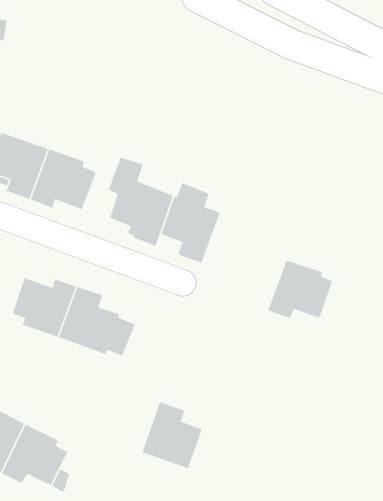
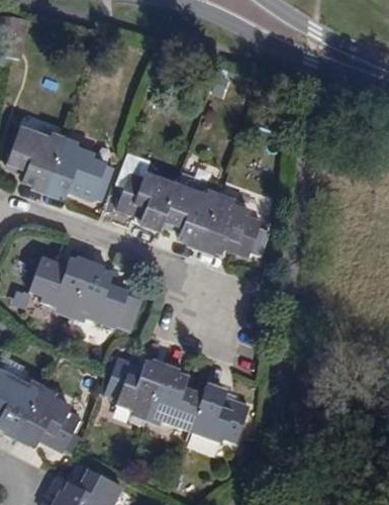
building: [267,260,333,319] -> [201,200,261,254]
building: none -> [104,362,163,417]
building: none -> [189,386,249,444]

